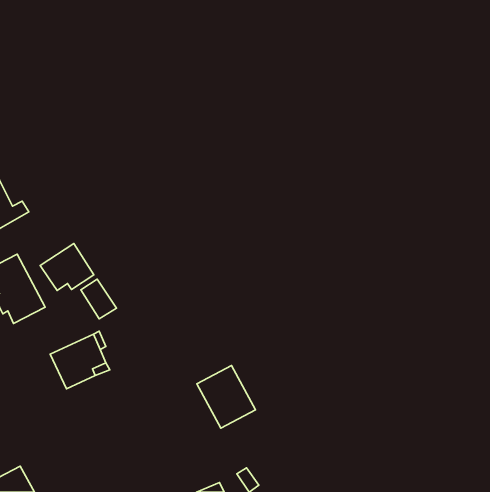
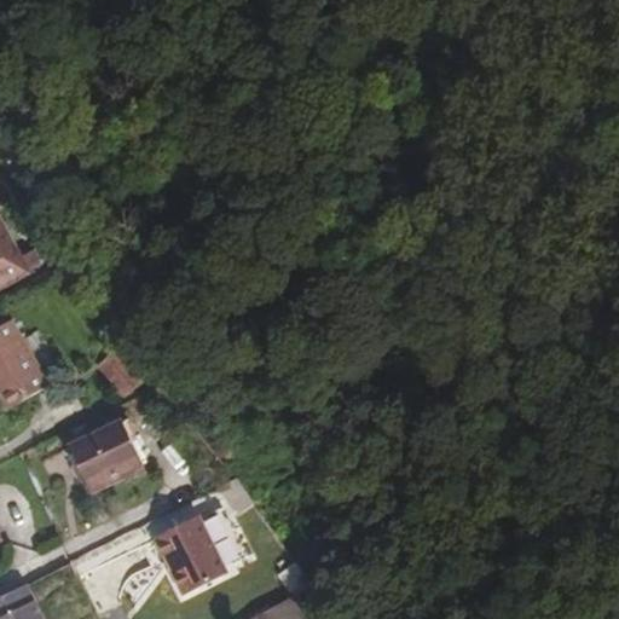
building: [40,244,94,291] -> none
building: [197,365,256,428] -> [152,514,226,592]

